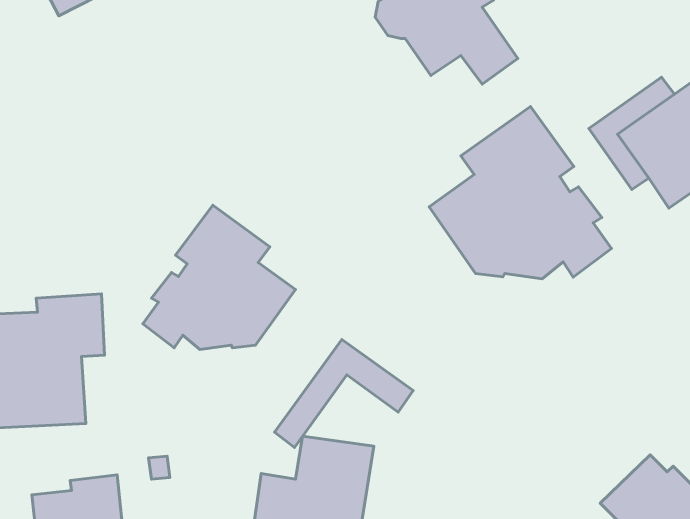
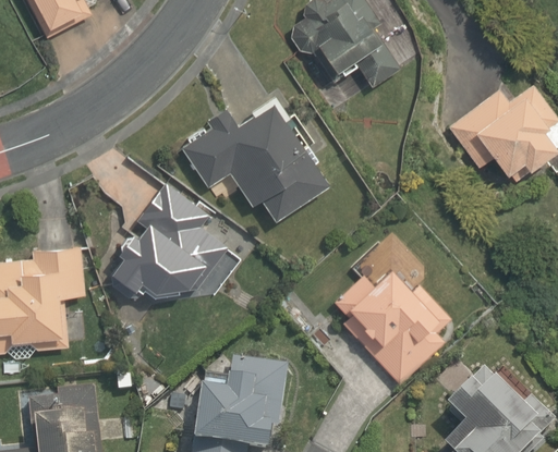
building: none -> [181,102,324,221]
building: [429,107,611,279] -> none
building: none -> [337,264,458,383]
building: [275,339,413,448] -> none

